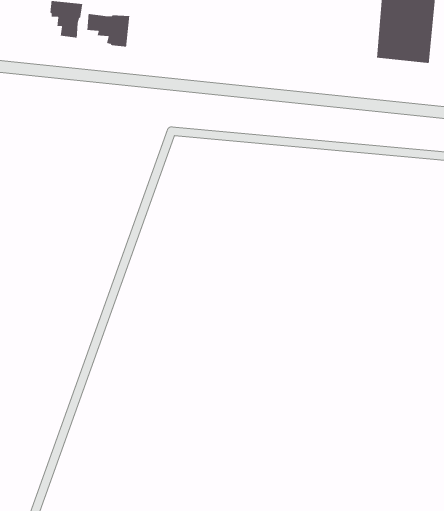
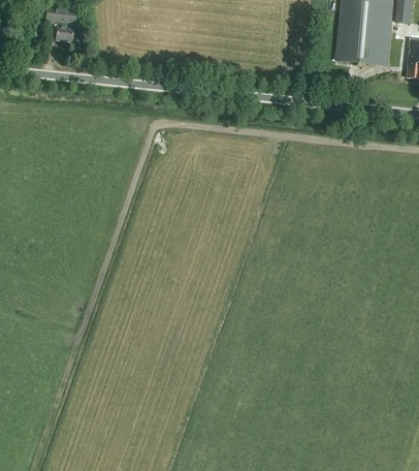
building: [86,13,130,48] -> none

